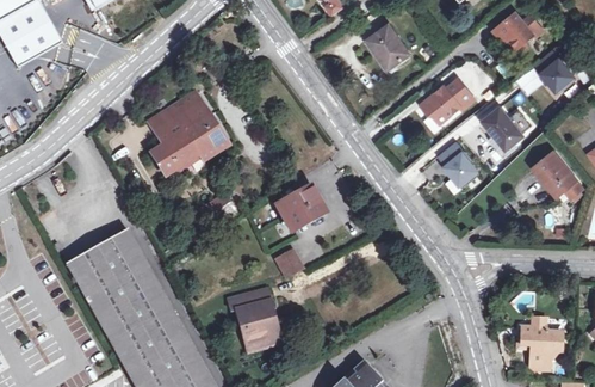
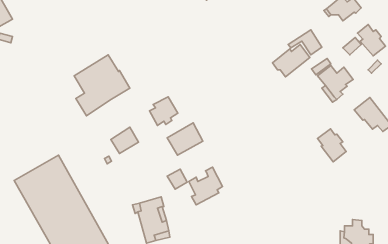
building: [367,24,410,68] -> none
building: [439,142,478,188] -> [318,129,346,162]
building: none -> [149,97,178,125]
building: none -> [189,167,223,205]

